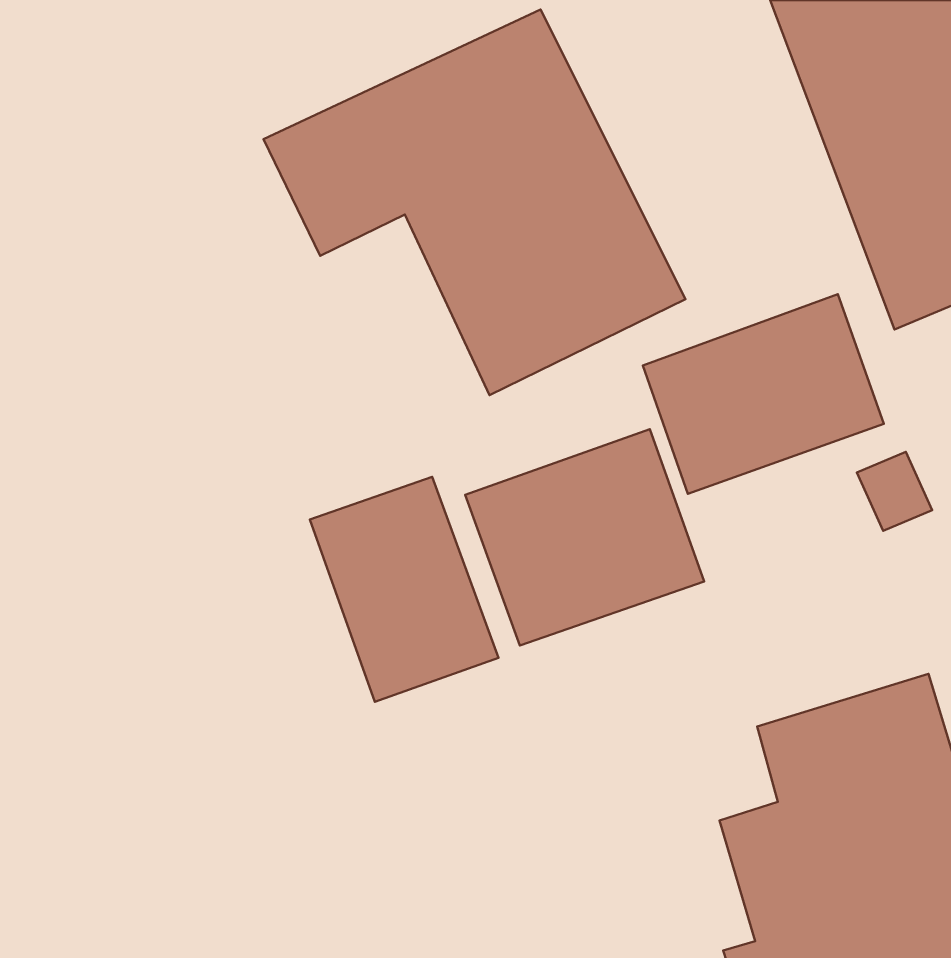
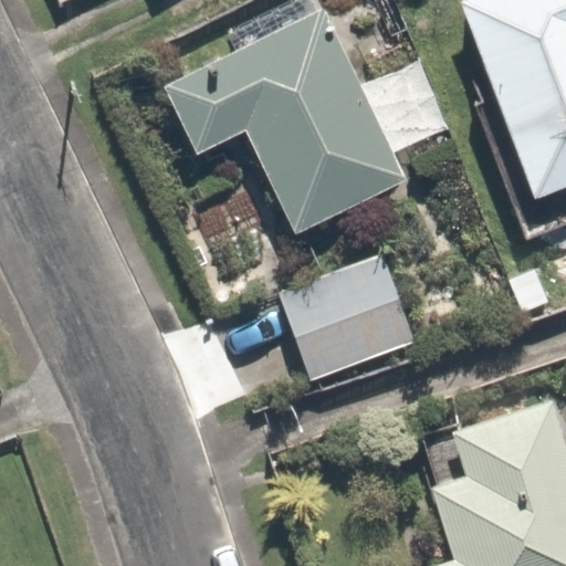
building: [643,294,884,494] -> none
building: [310,477,498,702] -> none

